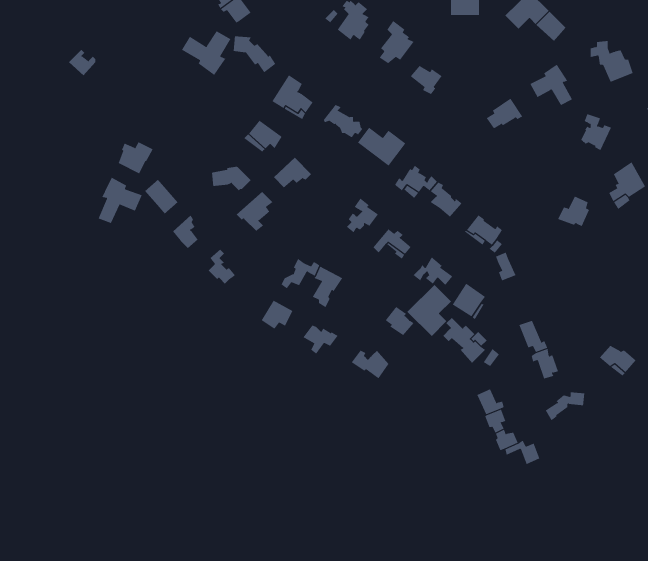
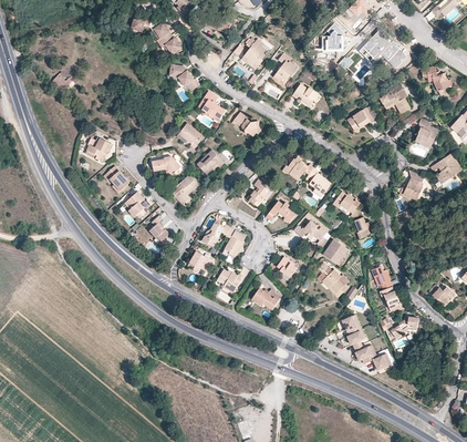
building: [181,30,231,76] -> none
building: [357,127,406,167] -> none
building: [98,177,142,224] -> none
building: [407,284,452,337] -> none

